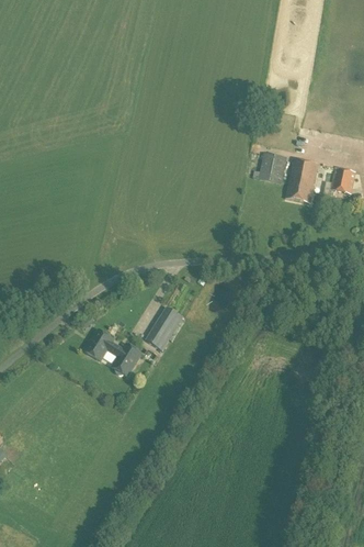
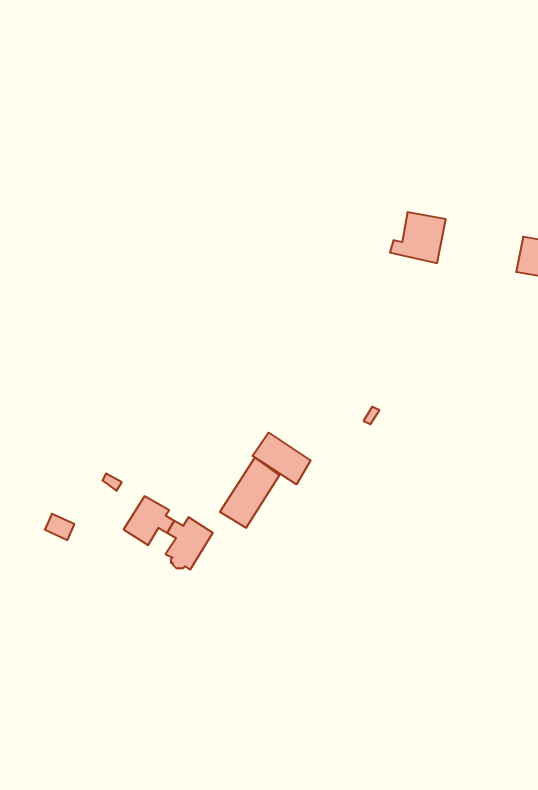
building: [285,158,318,202] -> none
building: none -> [252,433,311,484]

